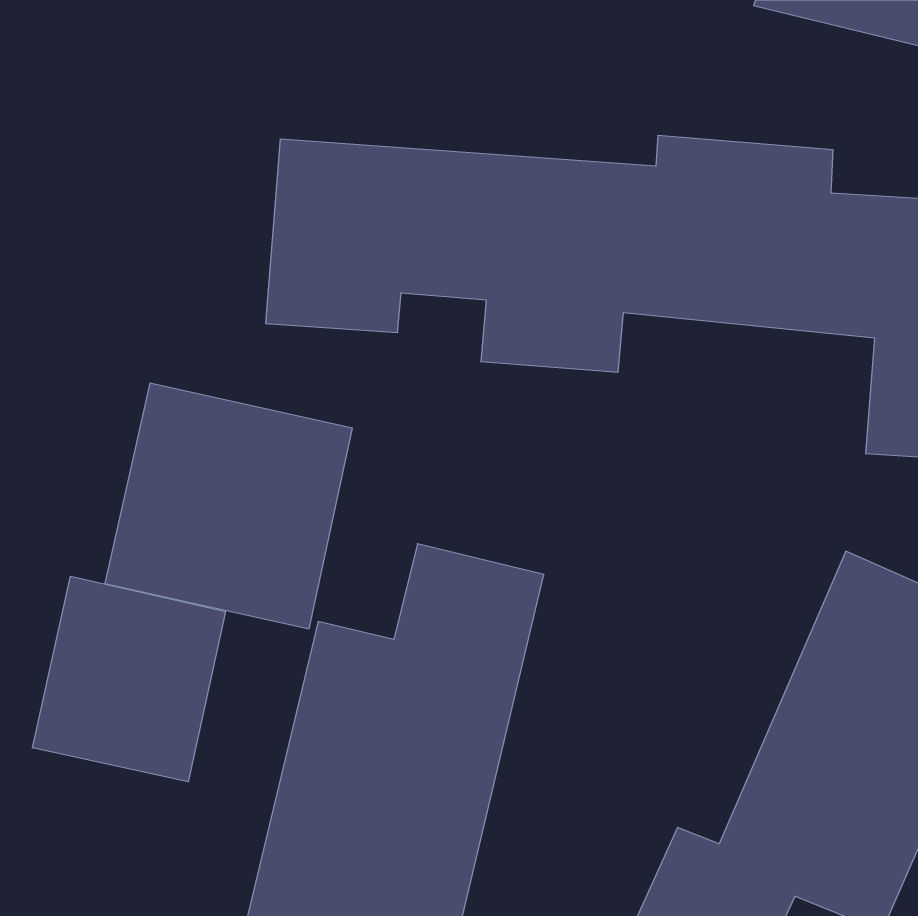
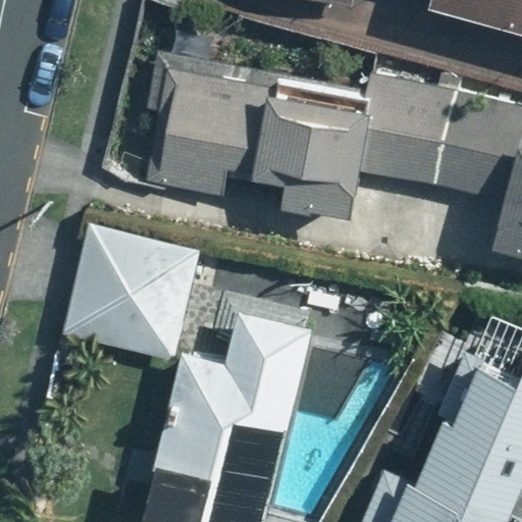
building: [32,576,225,782] -> none

